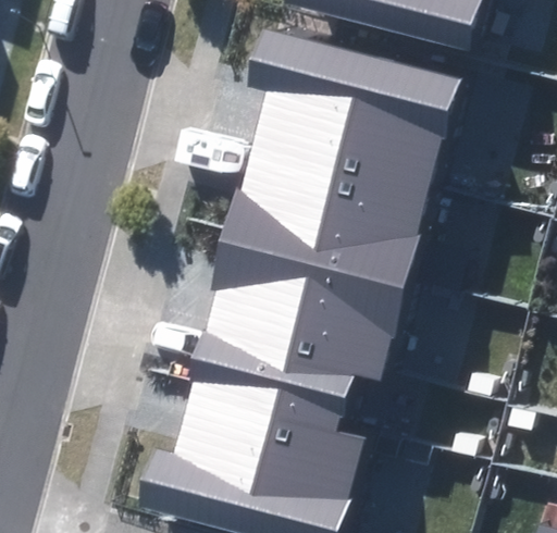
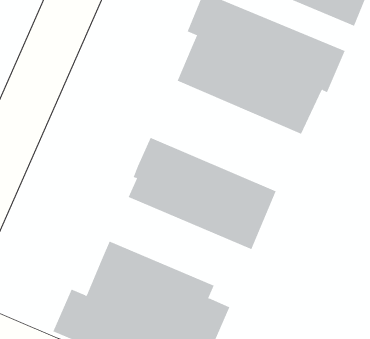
building: [226,154,423,277] -> none
building: [191,317,383,413] -> none

